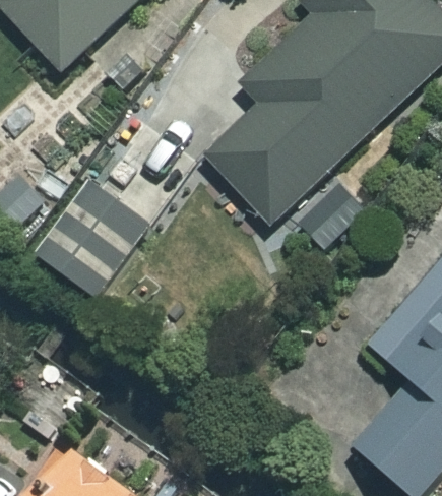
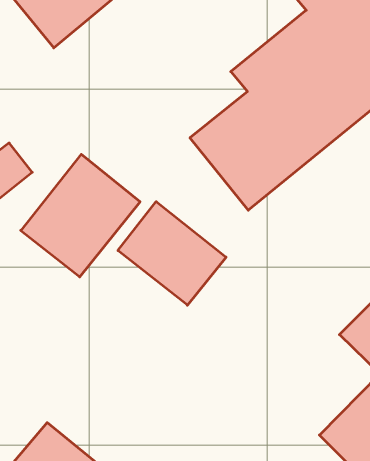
building: none -> [118,202,226,305]

